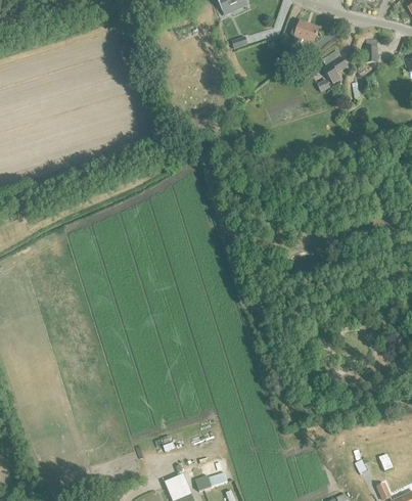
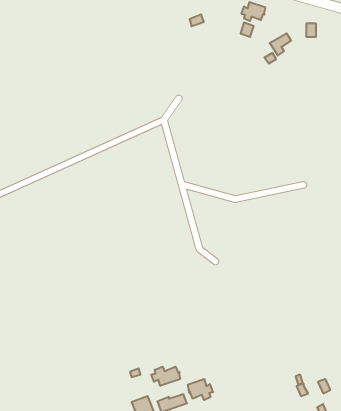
building: none -> [151,367,180,386]
building: none -> [188,379,213,400]

